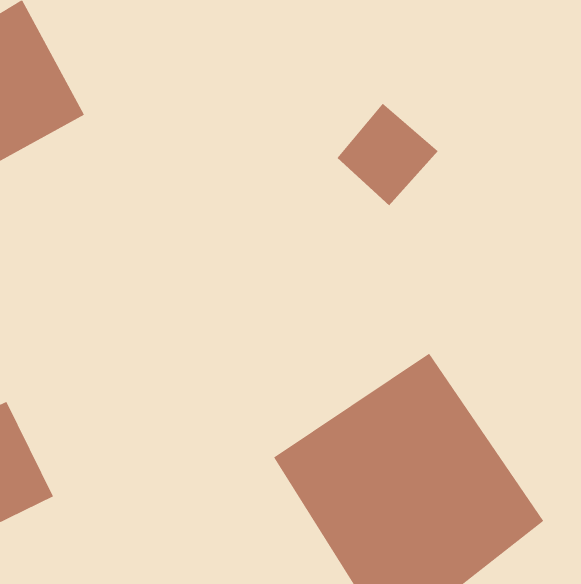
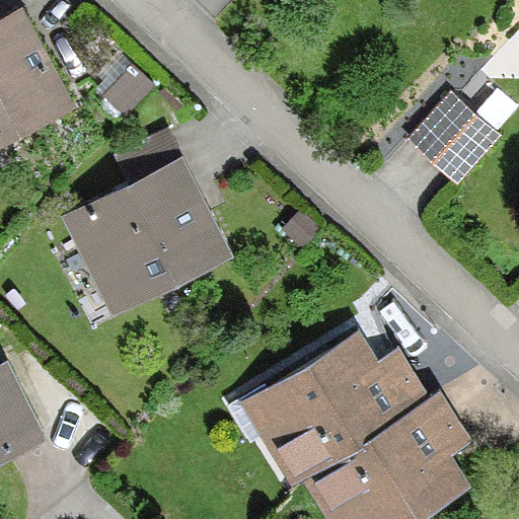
building: [336,103,439,206] -> [406,92,497,183]
building: none -> [63,153,229,327]

